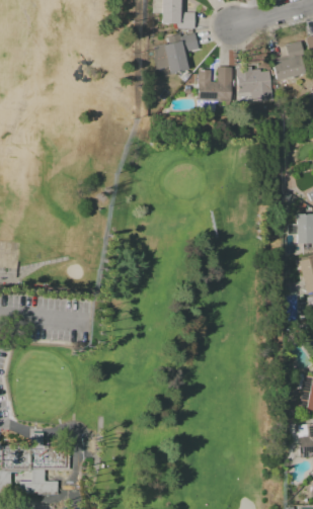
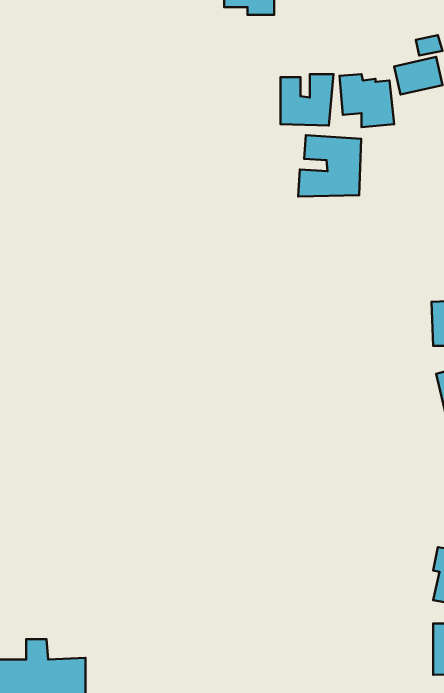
building: [152,33,199,73] -> none
building: none -> [298,135,361,197]

